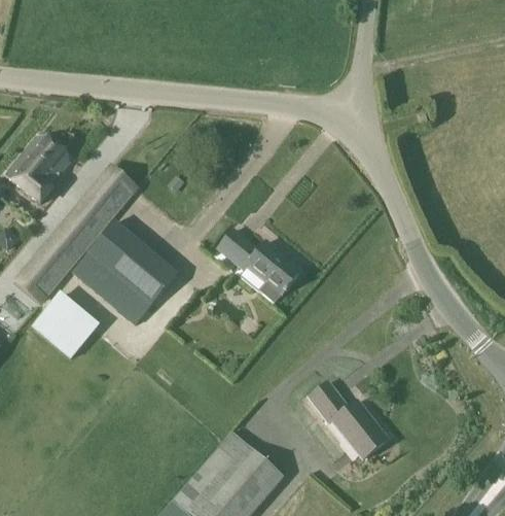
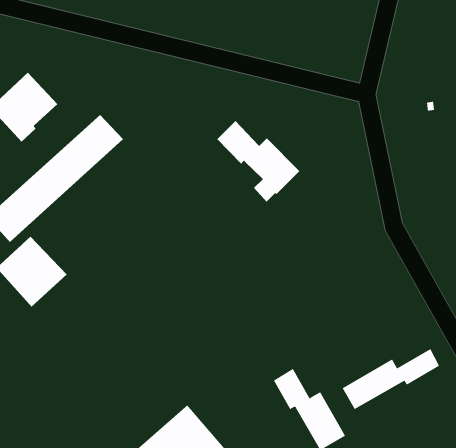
building: [71,219,179,324] -> none
building: [218,229,301,303] -> [217,120,300,202]
building: none -> [342,348,440,410]

